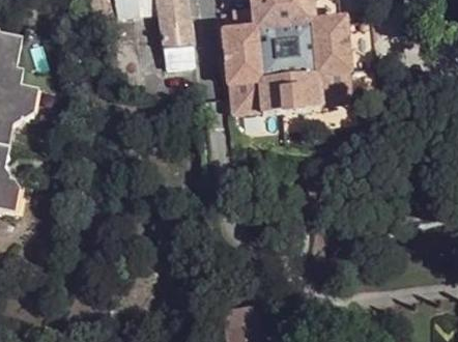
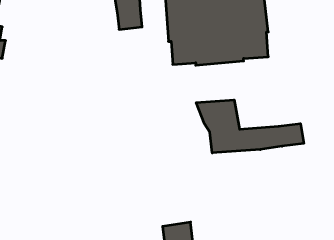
building: none -> [196,100,304,153]

